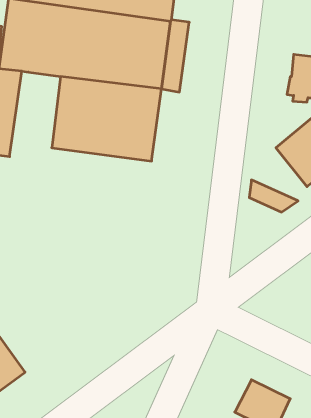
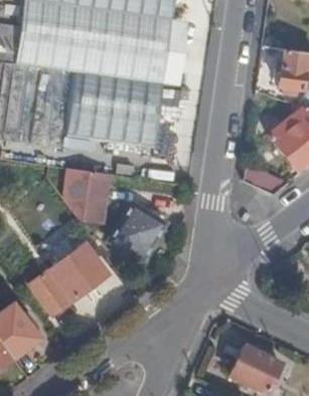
building: none -> [31,66,72,148]
building: none -> [64,168,110,223]
building: none -> [109,202,165,260]
building: none -> [31,239,108,314]

